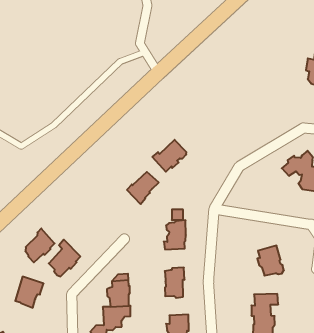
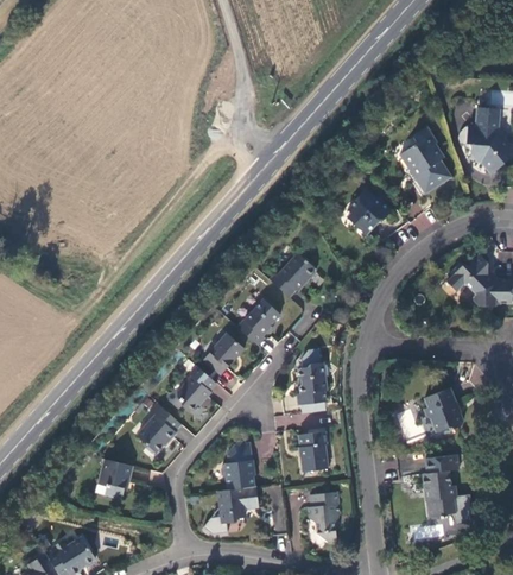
building: none -> [400,126,451,192]
building: none -> [348,188,391,233]
building: none -> [200,333,241,372]
building: [25,228,55,262] -> [177,367,216,415]

